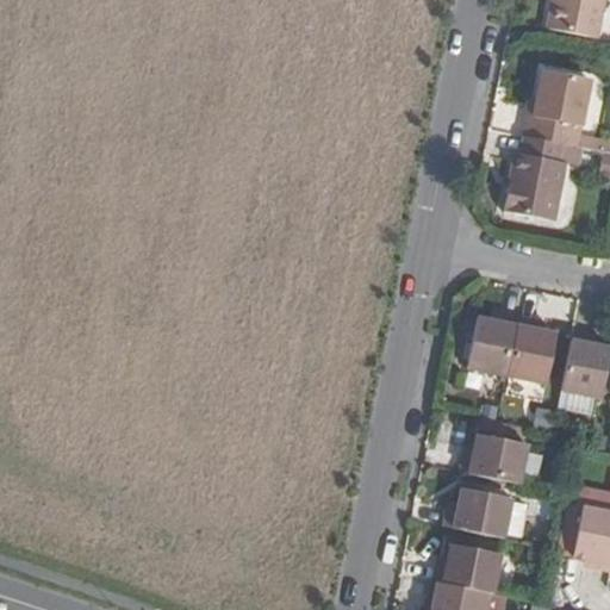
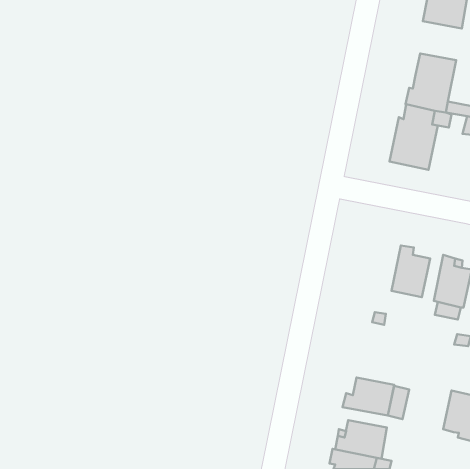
building: [467,313,519,375] -> none
building: [461,432,528,483] -> none

